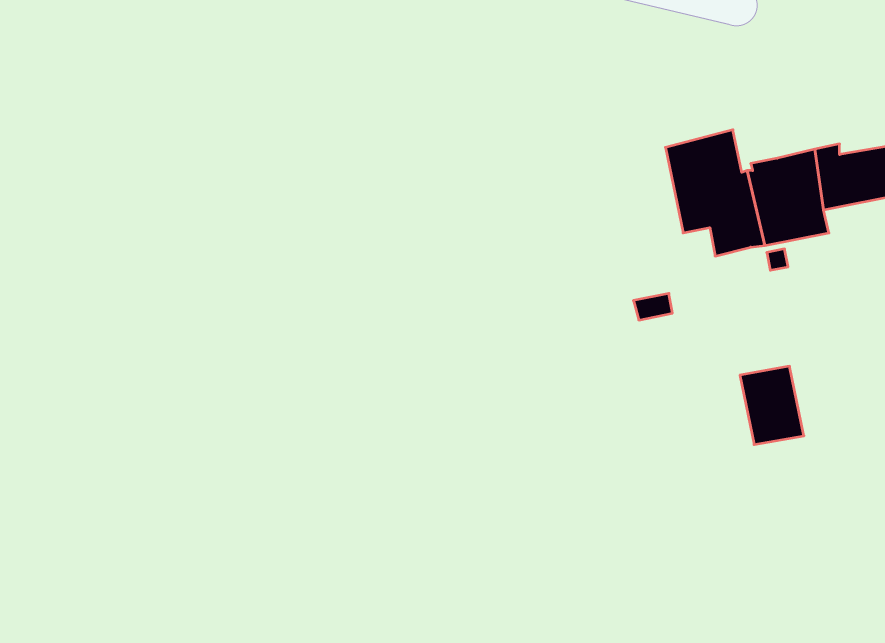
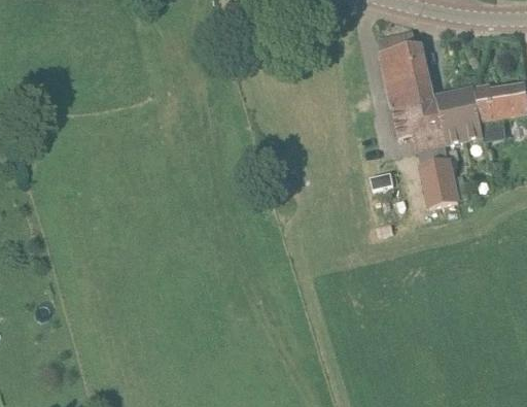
building: none -> [378,31,427,87]
building: [740,366,804,445] -> [420,160,457,205]

